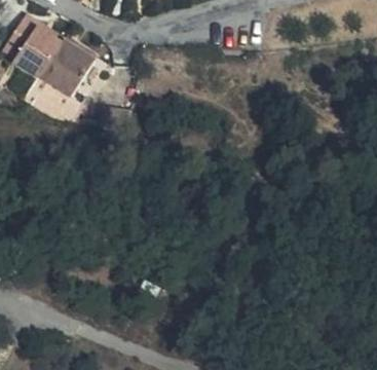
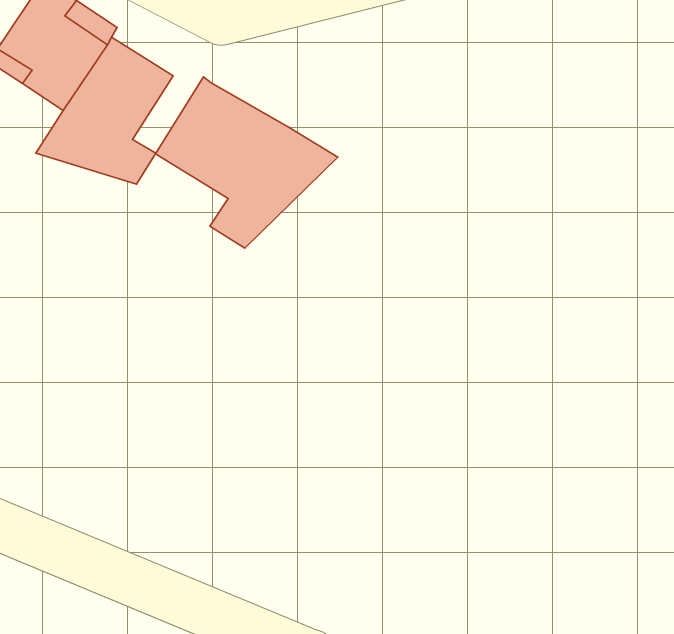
building: none -> [155,77,338,248]

